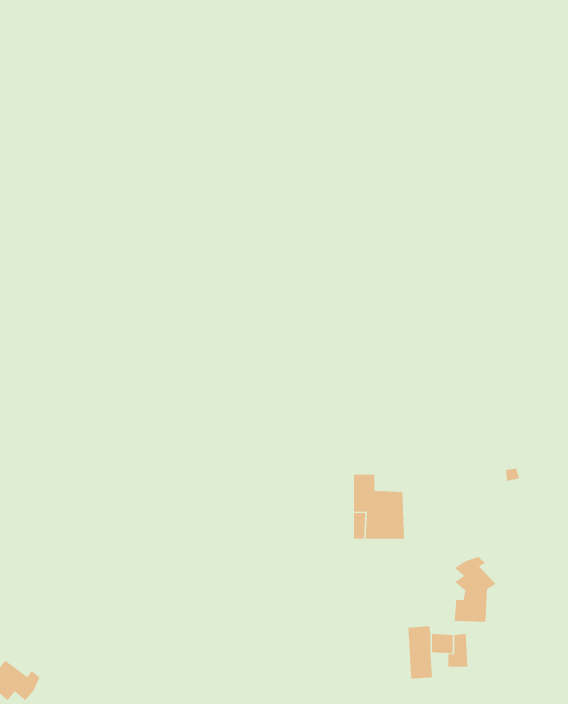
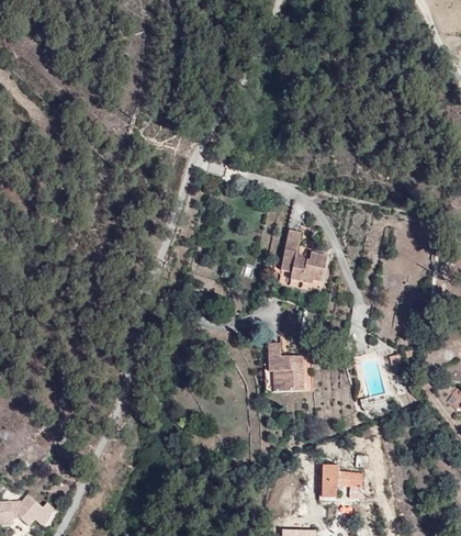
building: none -> [282,231,328,286]
building: [454,556,496,623] -> none

